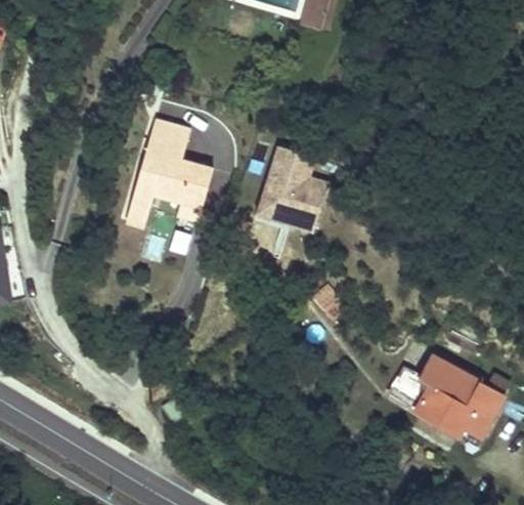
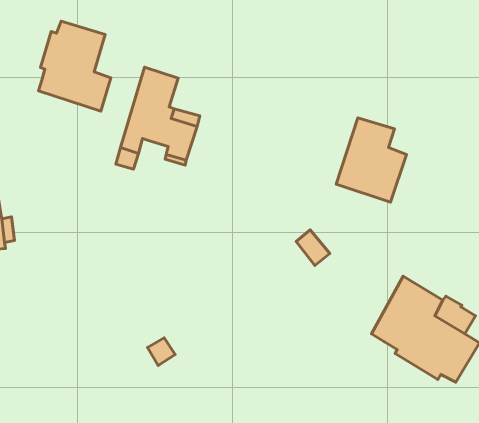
building: none -> [39,21,111,111]
building: [256,145,329,233] -> [336,118,406,202]

